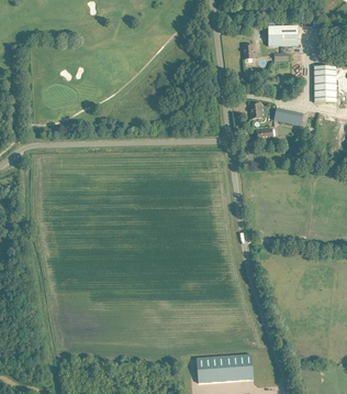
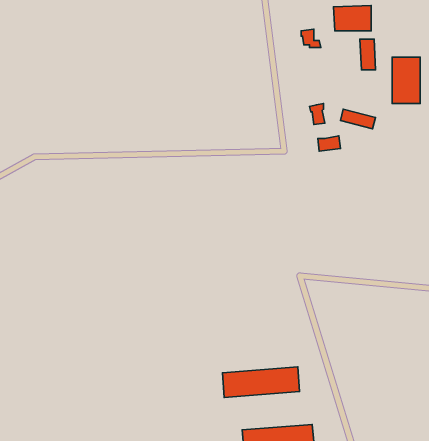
building: none -> [223,367,300,397]

